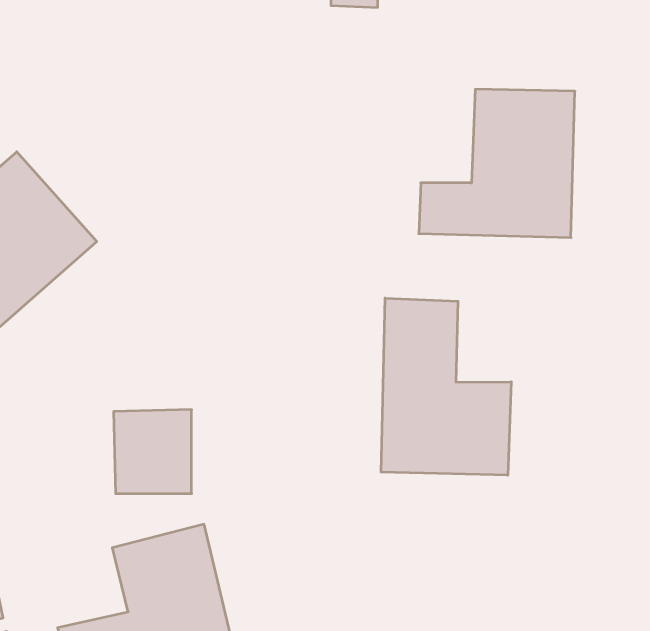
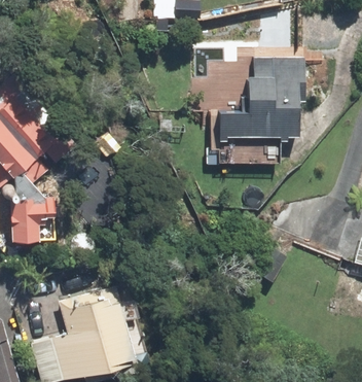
building: [381,298,511,475] -> none
building: [114,410,192,494] -> [6,201,47,245]

